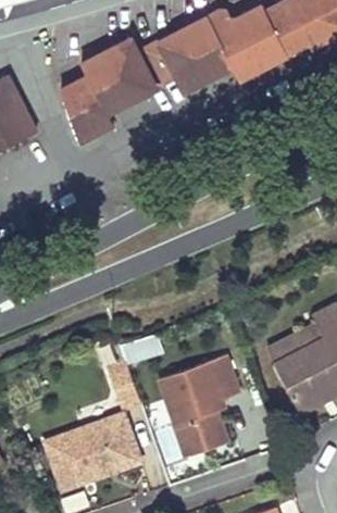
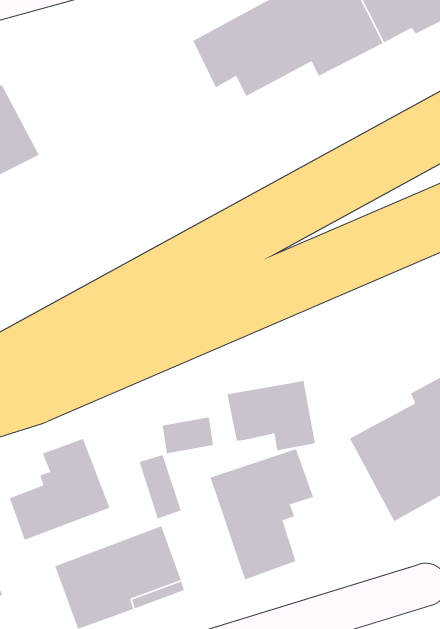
building: [61,40,157,143] -> none
building: none -> [227,380,316,451]
building: none -> [9,438,110,541]

